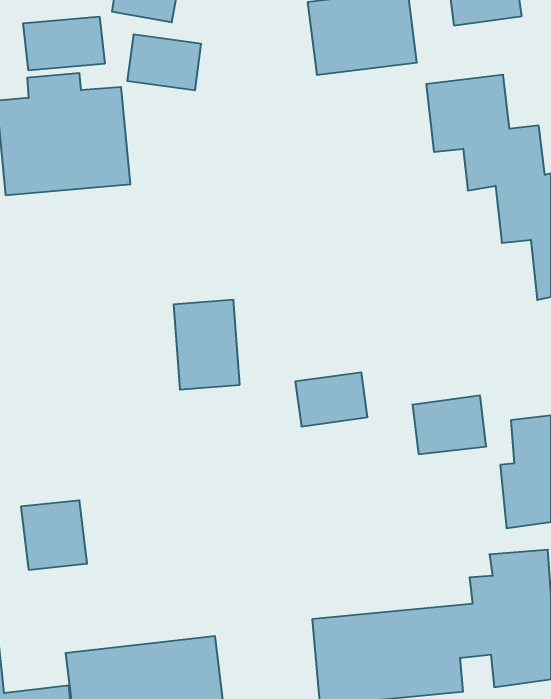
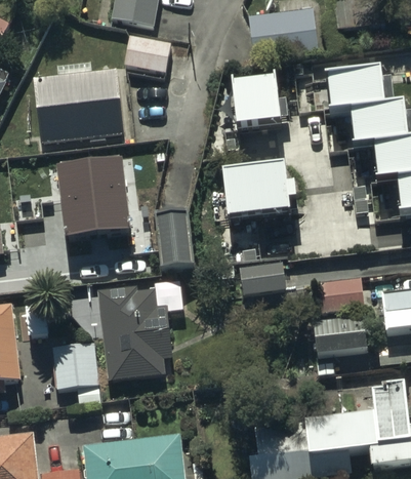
building: [23,17,105,70] -> none
building: none -> [228,68,281,126]
building: none -> [53,154,127,238]
building: none -> [217,157,286,214]
building: none -> [101,284,173,382]
building: none -> [310,314,365,357]

